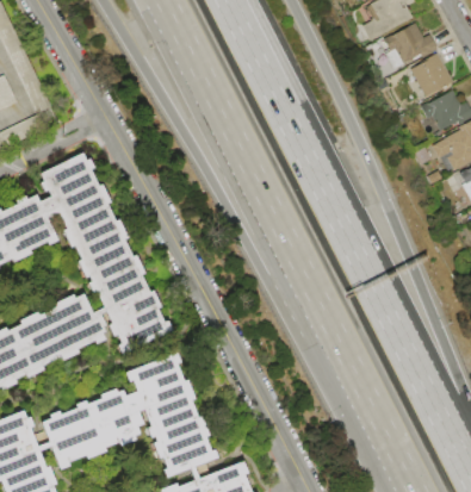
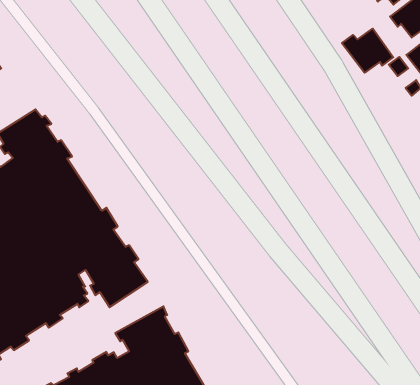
building: none -> [342,29,393,73]

